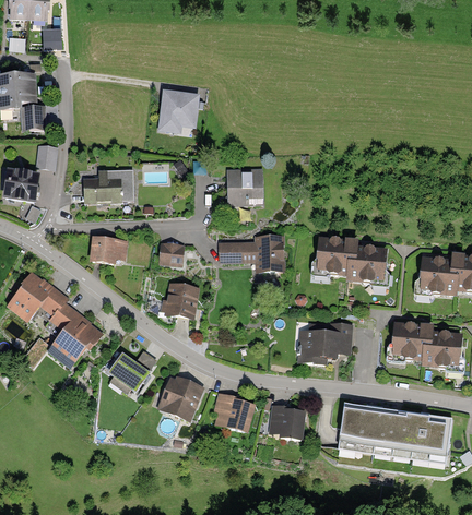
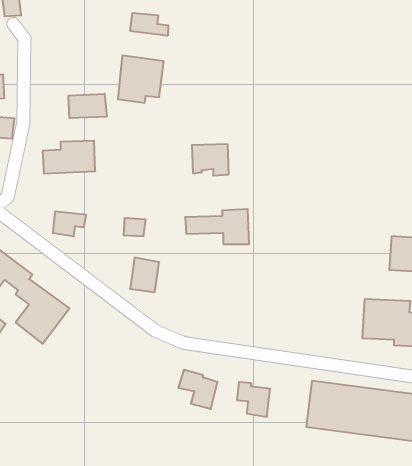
building: none -> [130,13,168,36]
building: none -> [69,94,107,118]
building: [317,238,390,286] -> none
building: [300,321,354,360] -> none
building: [108,351,154,390] -> none
building: [158,378,200,418] -> none

